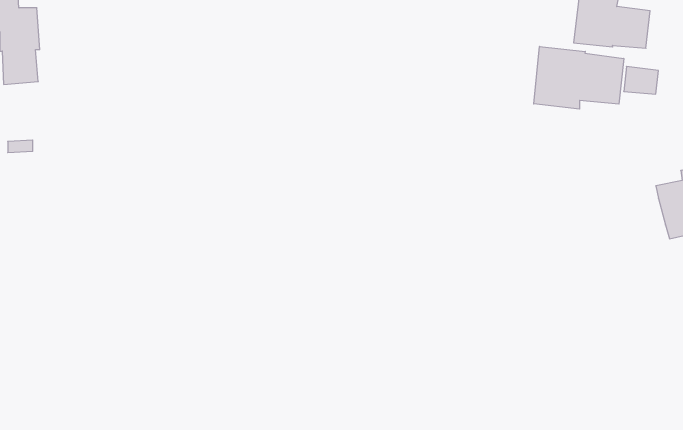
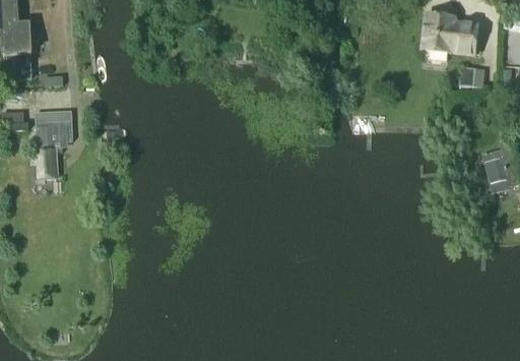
building: [534,46,624,109] -> none
building: none -> [36,110,72,176]

